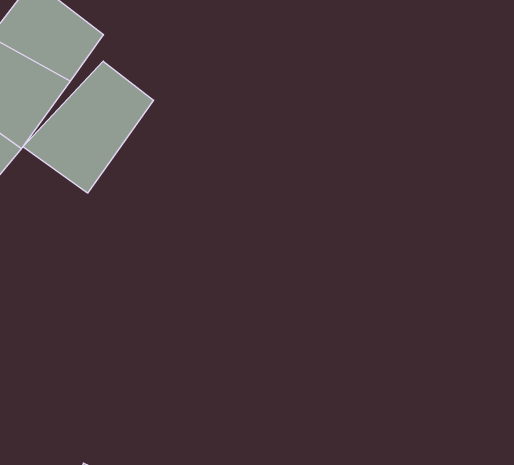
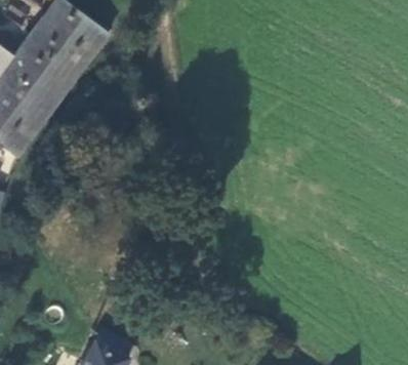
building: [23,61,154,193] -> none

